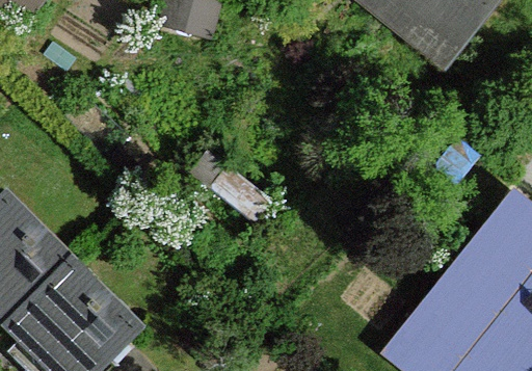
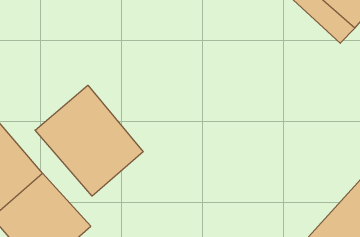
building: none -> [35,85,143,196]

